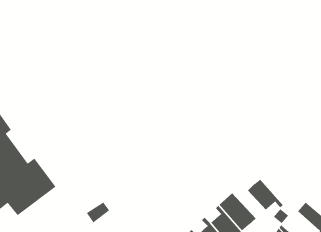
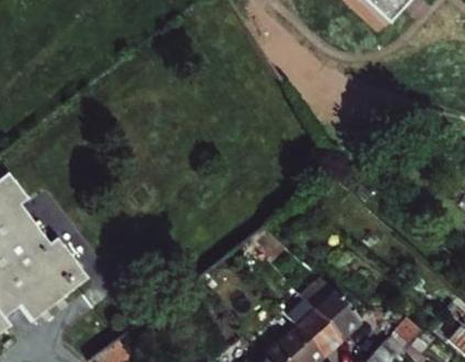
building: [247,179,284,211] -> none

